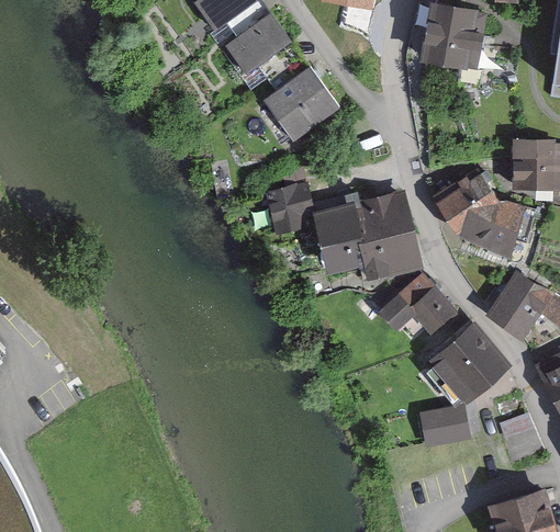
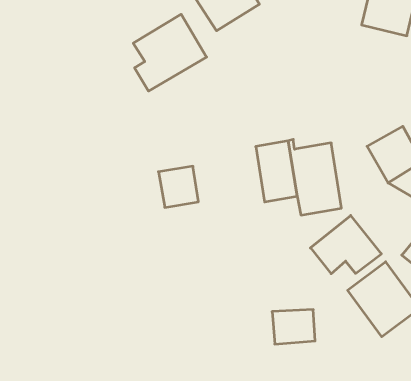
building: [265,64,348,152] -> [133,14,207,91]
building: [262,183,310,231] -> [158,166,198,207]
building: [414,407,464,449] -> [272,310,315,344]

